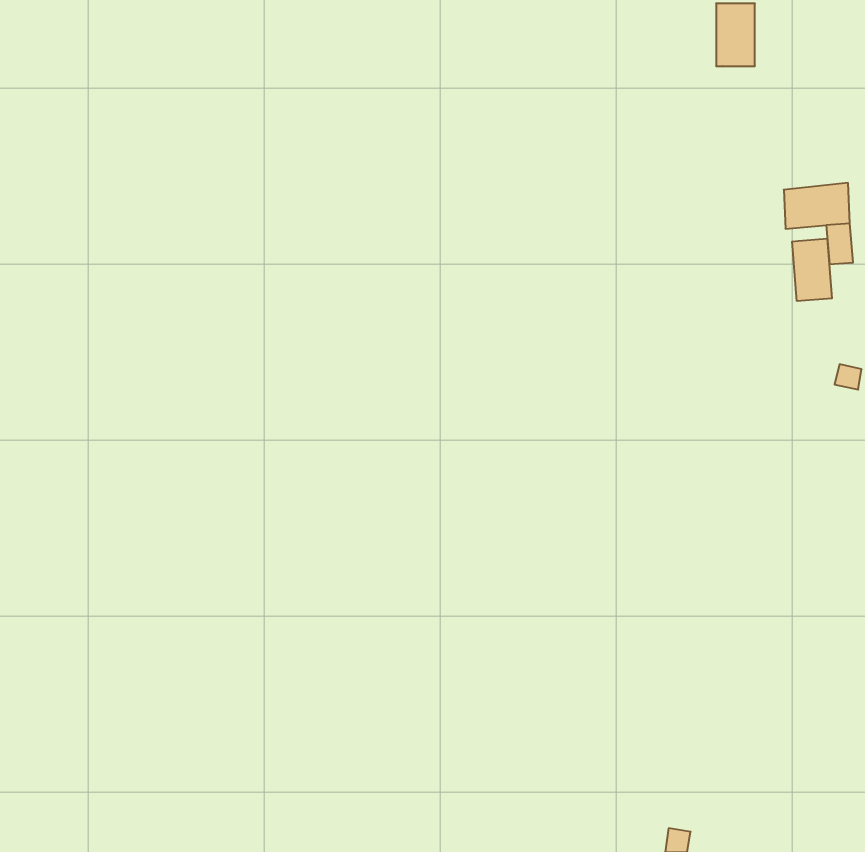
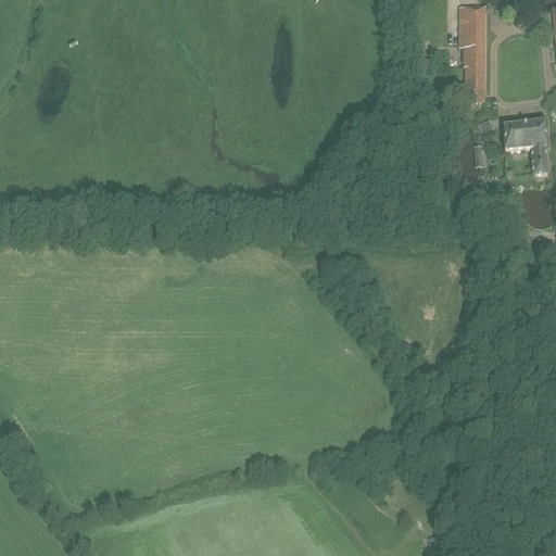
building: none -> [464,42,484,97]
building: [792,239,832,301] -> none

